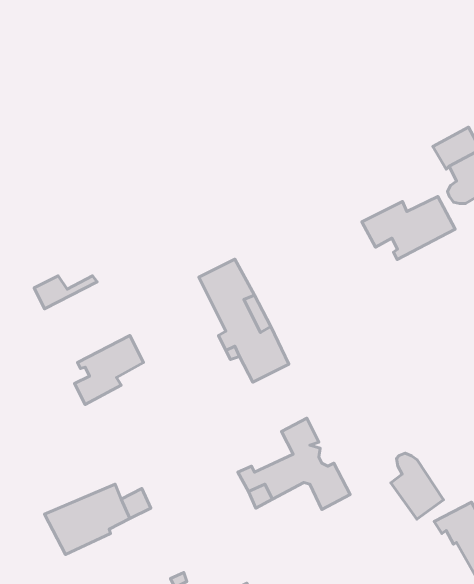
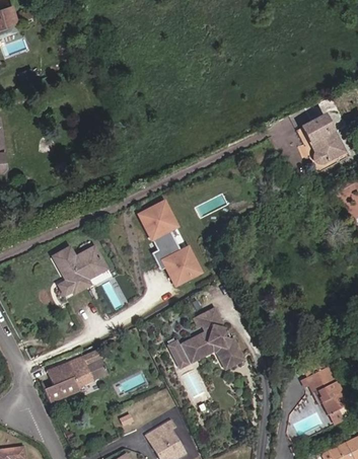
building: [362,197,455,260] -> none
building: [34,276,97,309] -> [51,250,93,273]
building: [391,453,444,519] -> none

